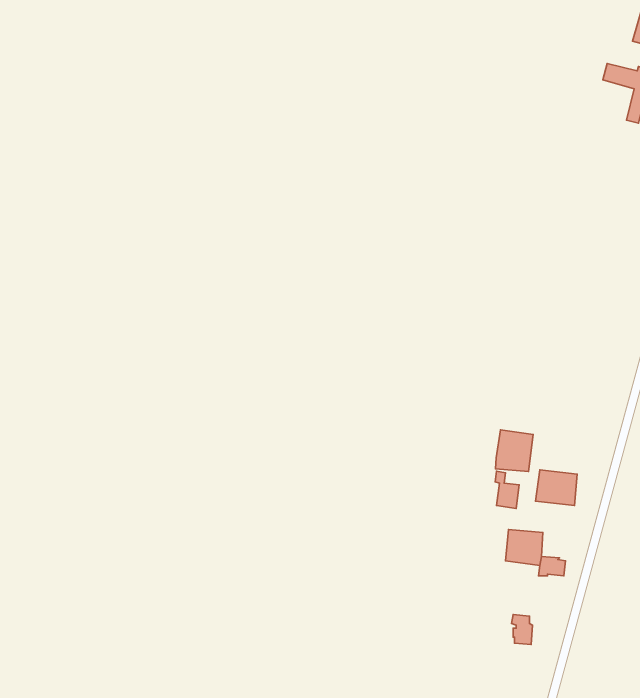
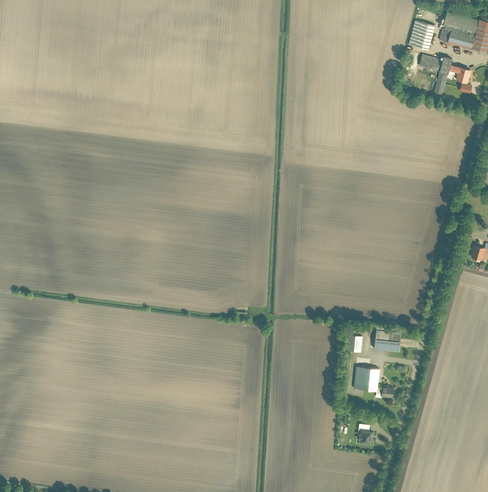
building: none -> [408,21,434,51]
building: [495,430,533,471] -> none

